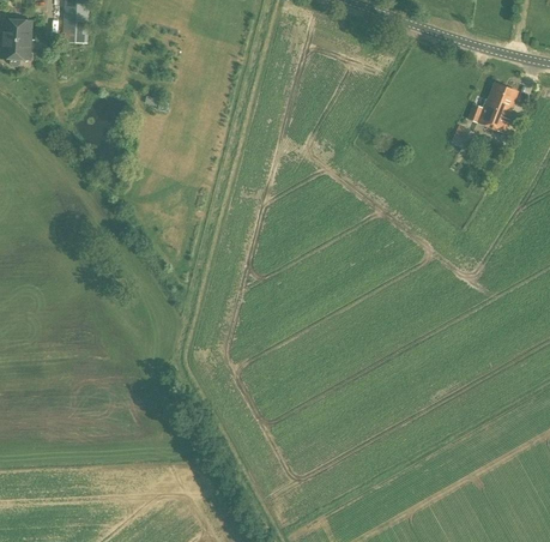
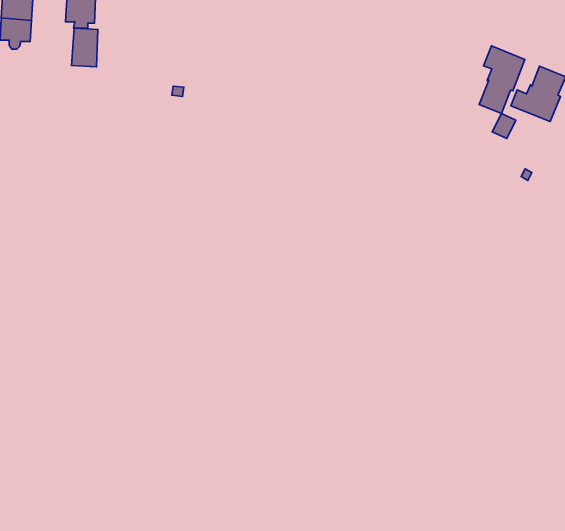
building: none -> [71,28,98,67]
building: none -> [479,46,525,114]

